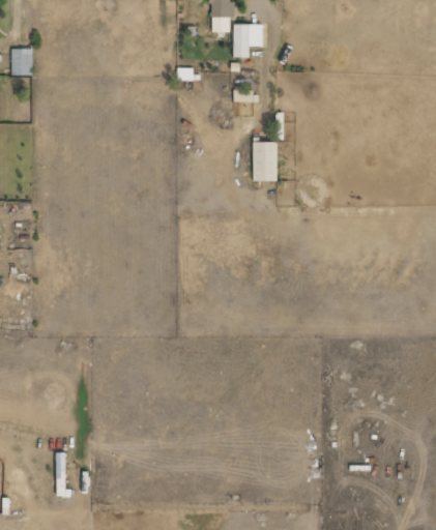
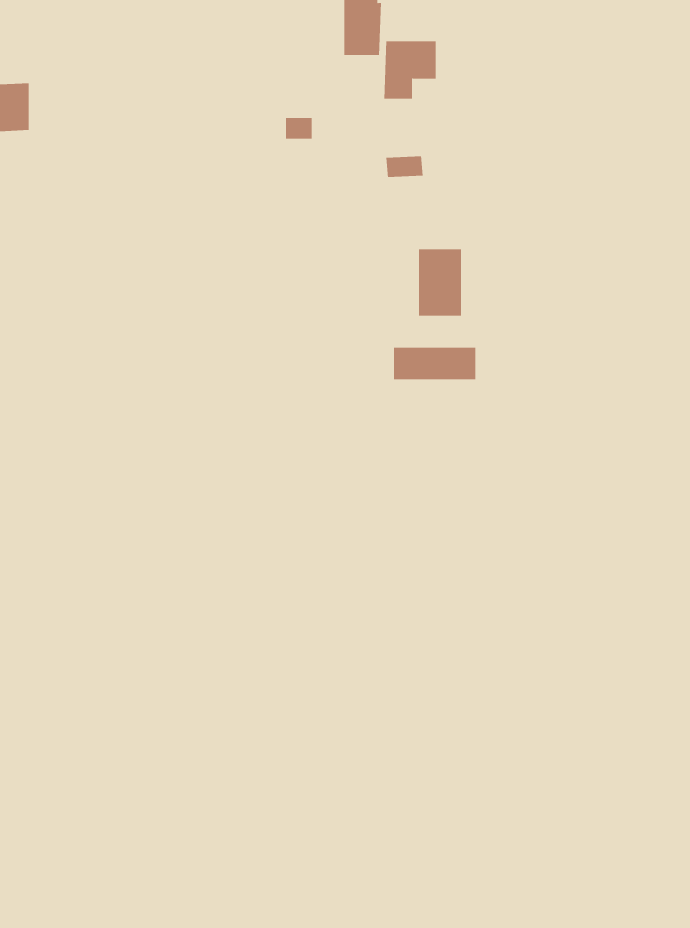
building: none -> [393,347,476,380]

